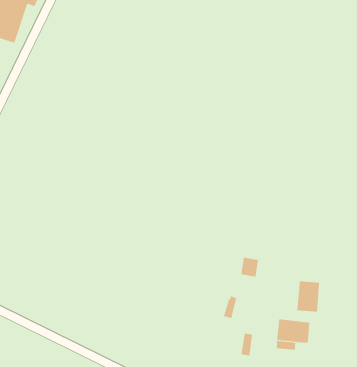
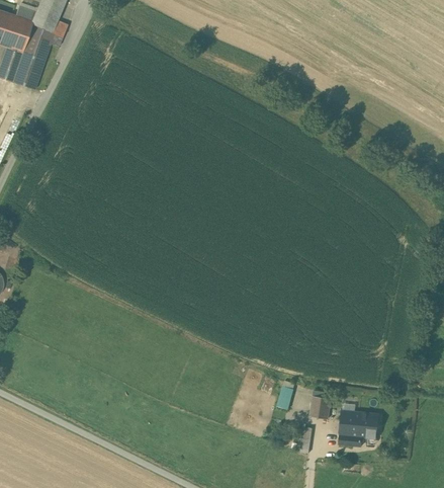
building: [241,257,259,277] -> [309,395,331,418]
building: [297,281,319,312] -> none

